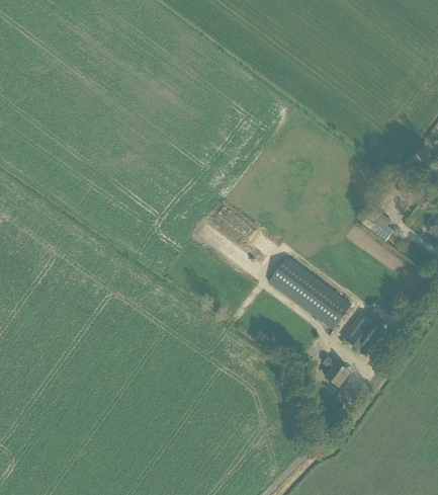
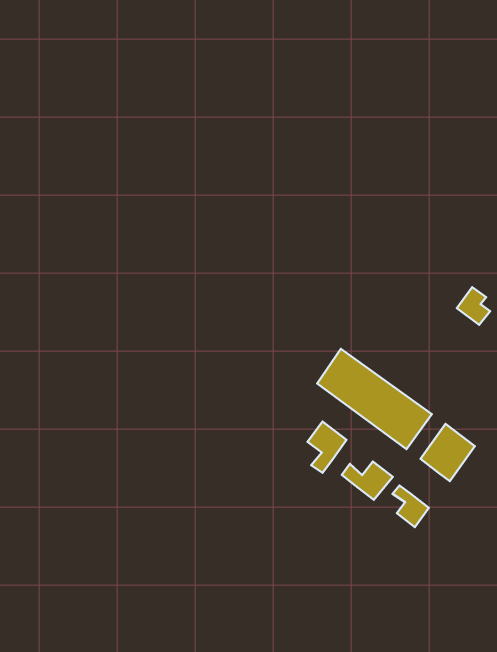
building: none -> [308,421,347,473]
building: none -> [342,461,393,500]

